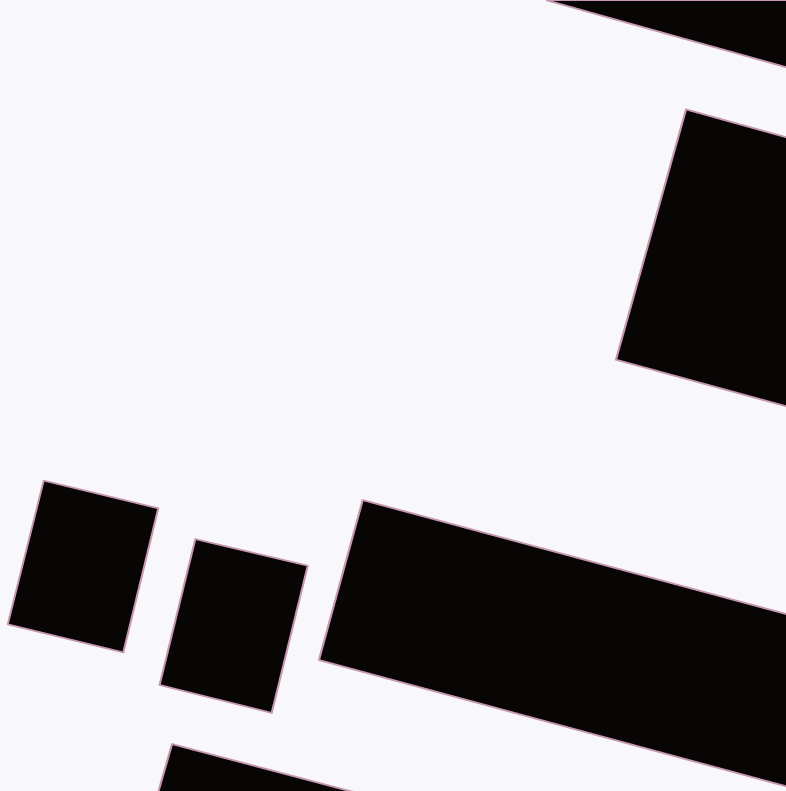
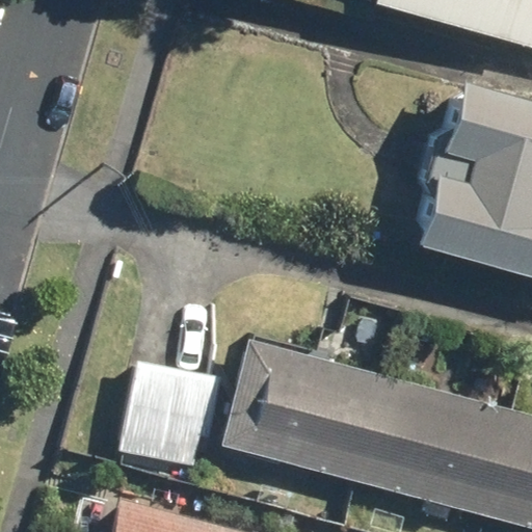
building: [8,481,158,653] -> none

